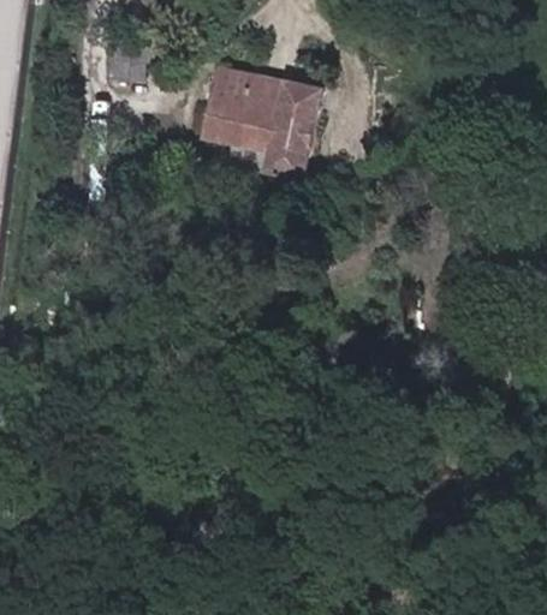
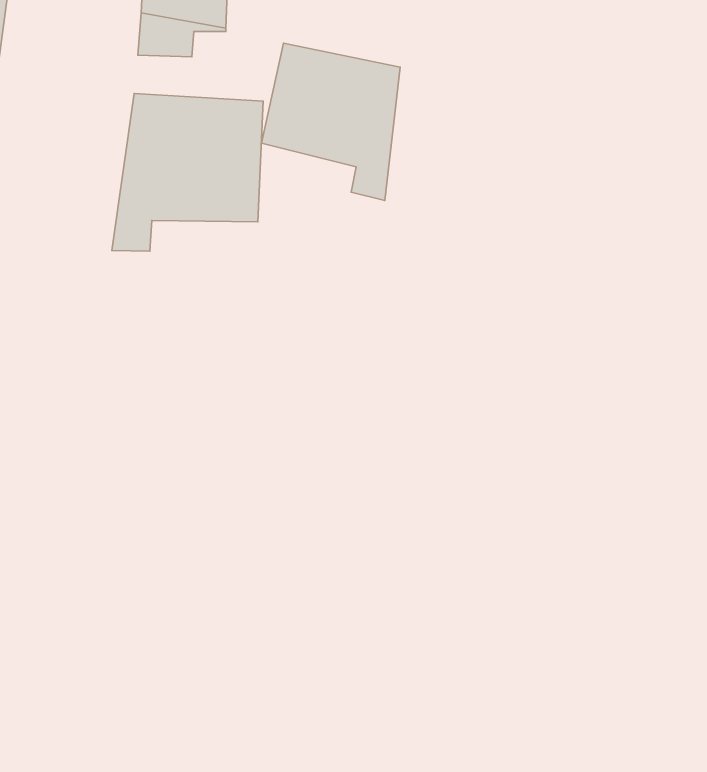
building: [281,83,316,181] -> none
building: none -> [112,94,263,251]

